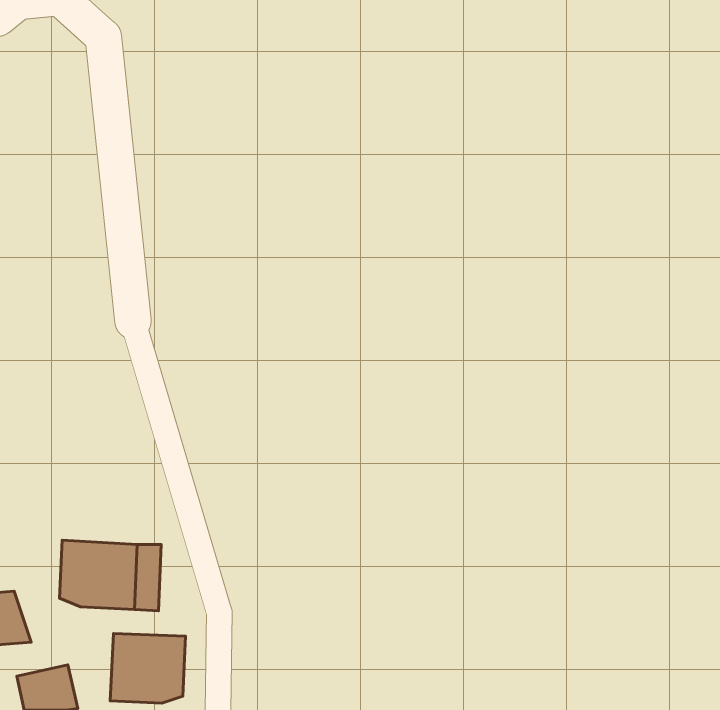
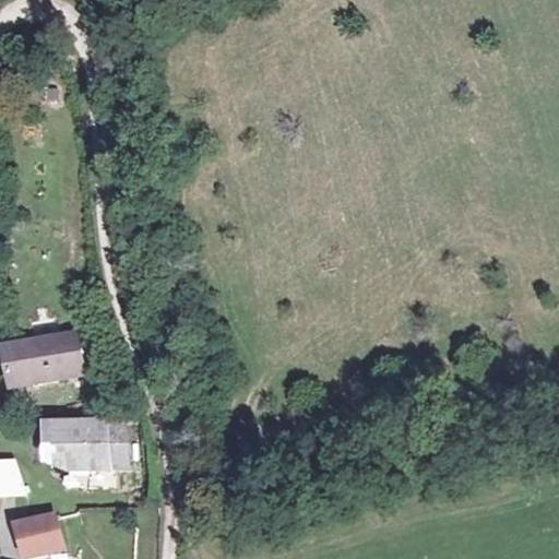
building: none -> [4,328,79,384]
building: [110,634,186,703] -> none

